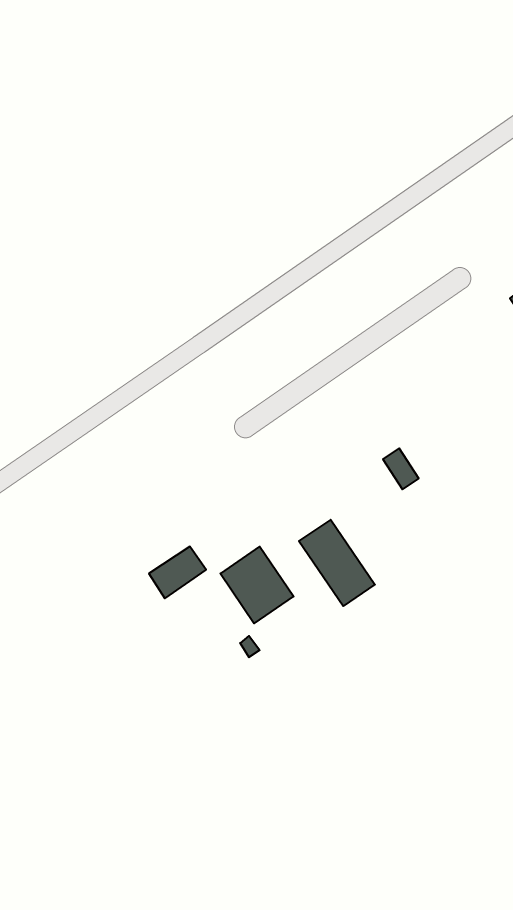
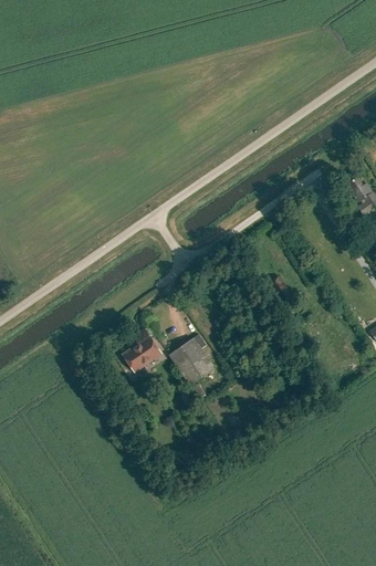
building: [299,520,375,606] -> none

